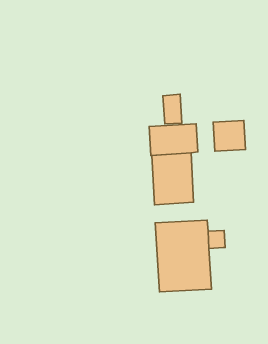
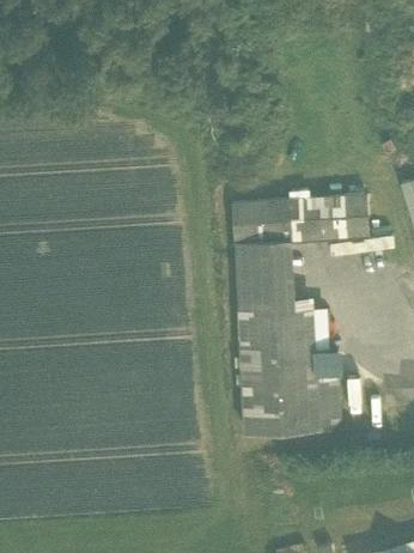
building: [163,94,182,124] -> [298,198,324,239]
building: none -> [239,310,313,339]
building: none -> [316,373,337,432]

